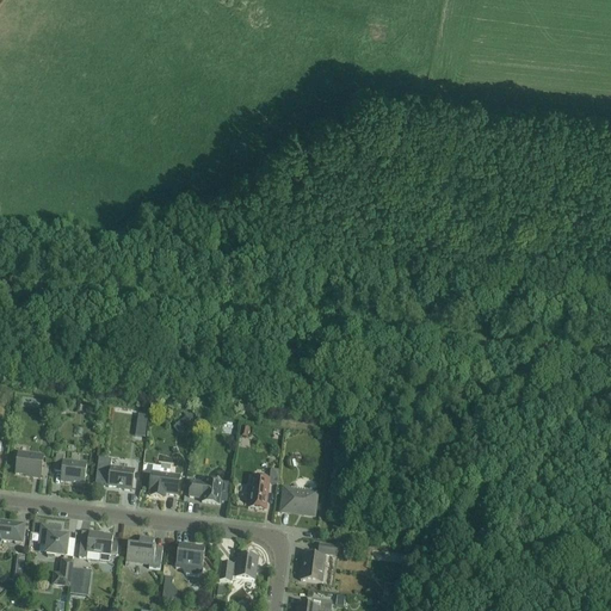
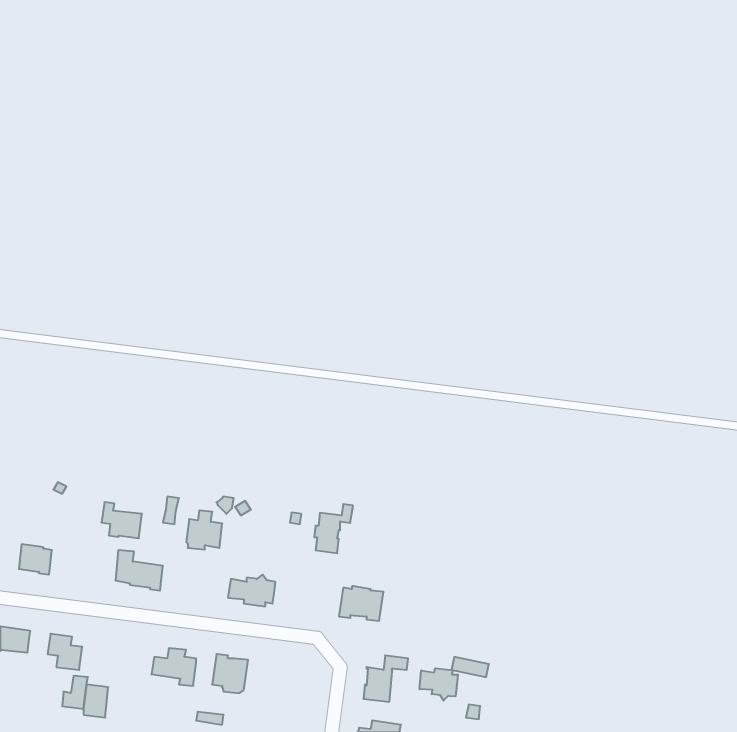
building: [54,451,87,481] -> [101,502,142,538]
building: [149,462,179,494] -> [186,510,222,549]
building: [247,467,279,507] -> [314,504,353,553]
building: [79,529,118,558] -> none
building: [218,551,258,580] -> none
building: none -> [420,668,458,701]

